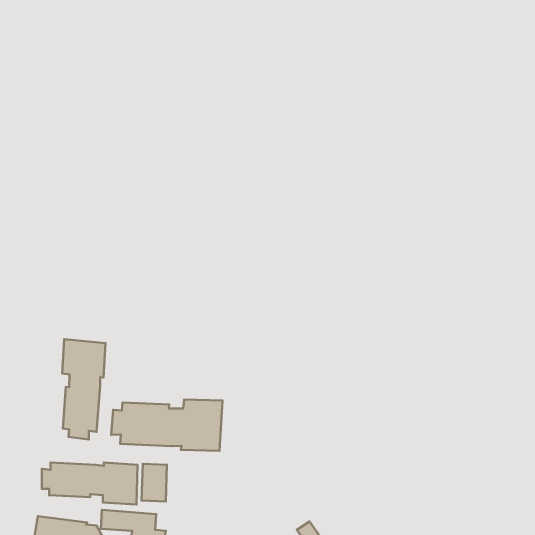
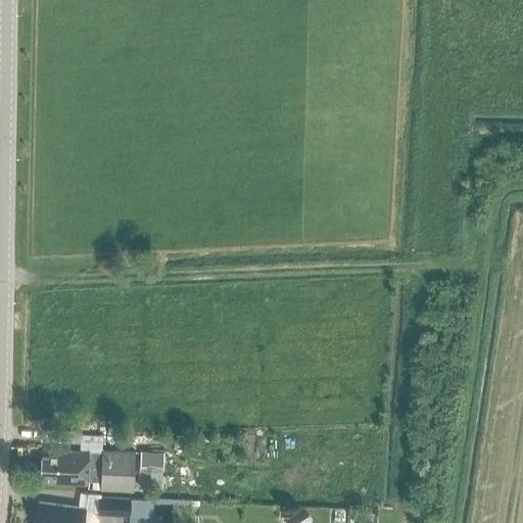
building: [62,339,106,439] -> none
building: [111,399,223,451] -> none

